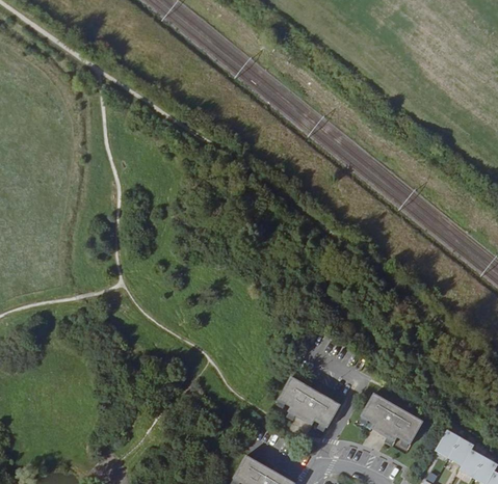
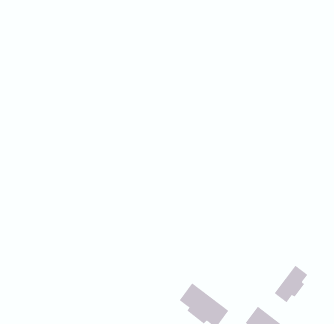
building: none -> [274,265,308,303]

